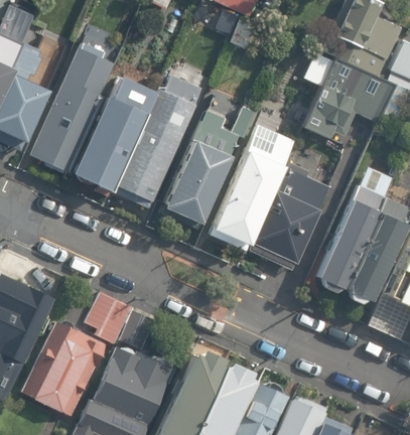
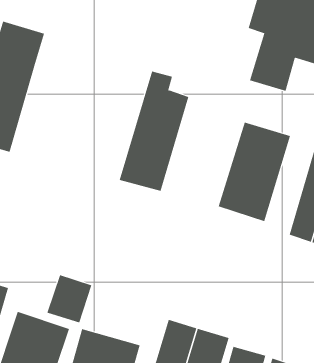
building: [69,74,153,187] -> none
building: [122,90,200,206] -> none
building: [215,127,302,246] -> none

